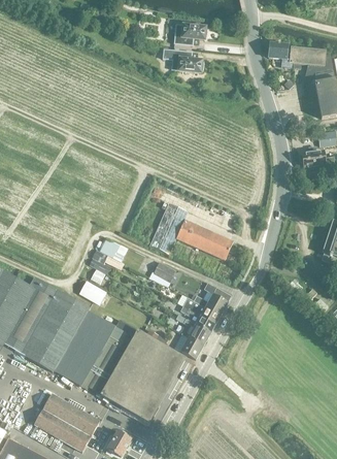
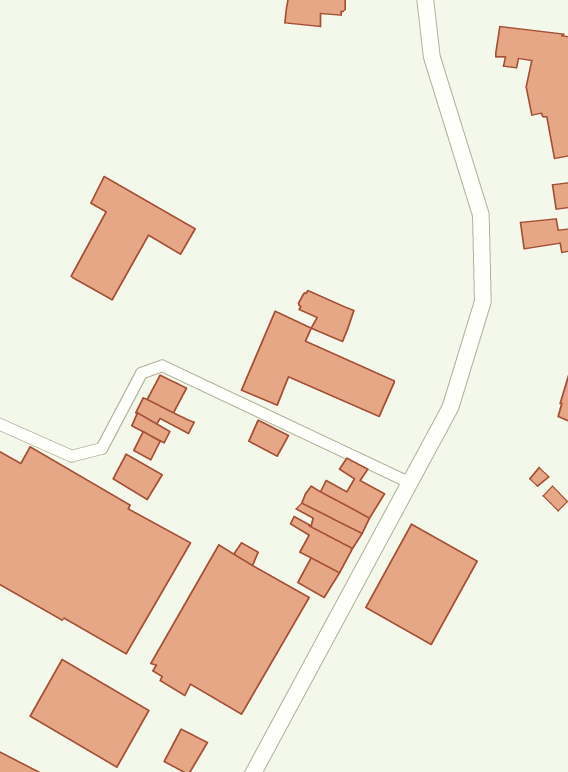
building: [267,42,292,68] -> none
building: [162,50,203,73] -> none
building: none -> [71,176,195,300]
building: none -> [299,291,354,341]
building: none -> [366,524,477,645]

